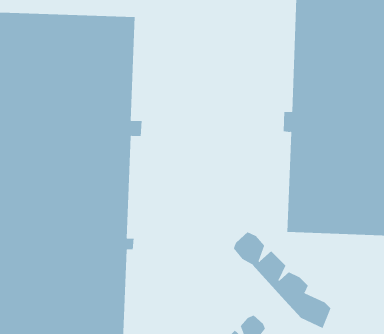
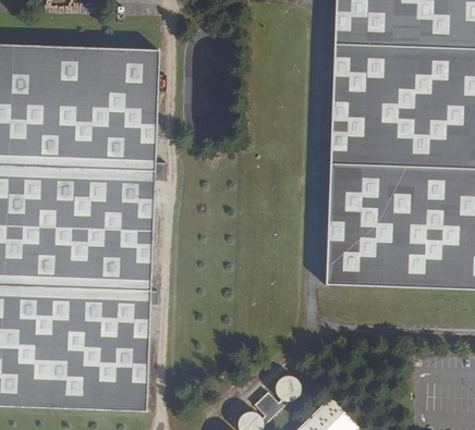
building: [233,232,331,329] -> none

